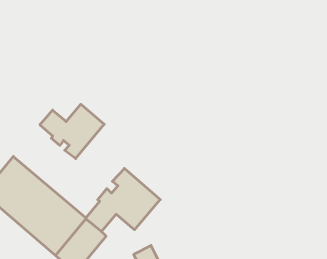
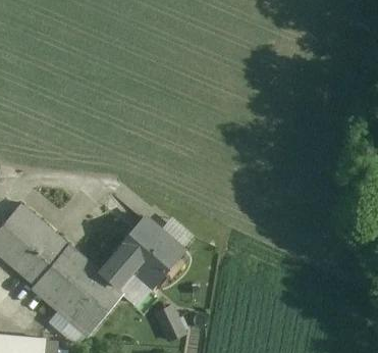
building: [40,104,104,159] -> none

